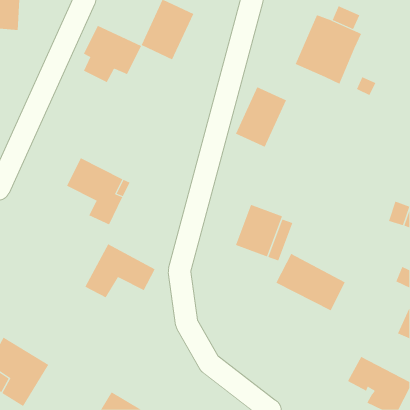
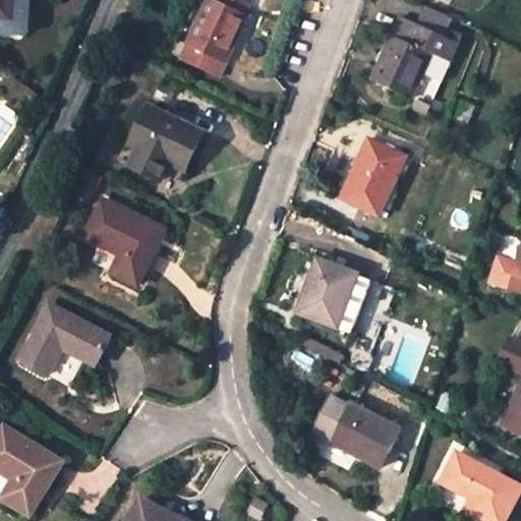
building: [83,25,142,83] -> [128,107,202,180]
building: [235,86,287,147] -> [341,137,406,215]
building: [85,243,155,298] -> [19,304,109,373]
building: [275,253,346,311] -> [310,393,399,466]

